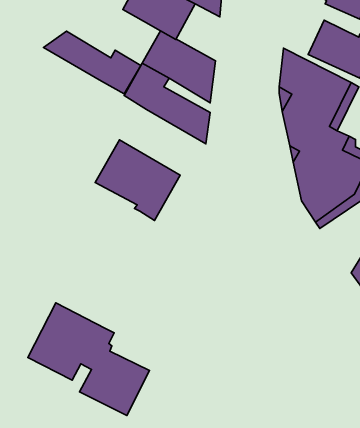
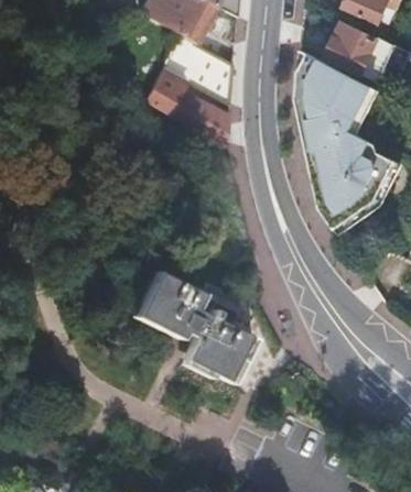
building: [44,31,141,94] -> none
building: [95,140,180,221] -> none
building: [28,303,150,416] -> [126,270,250,385]

